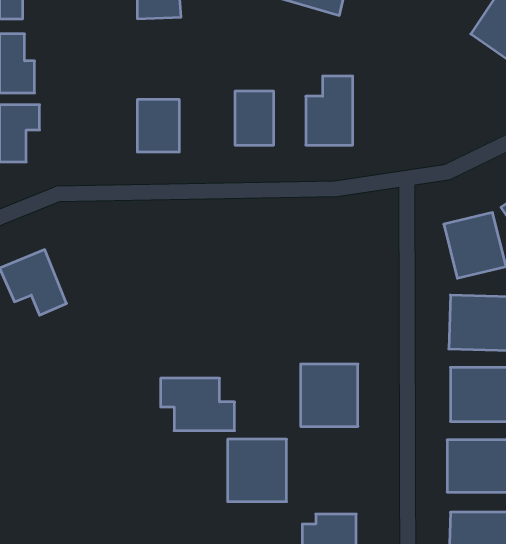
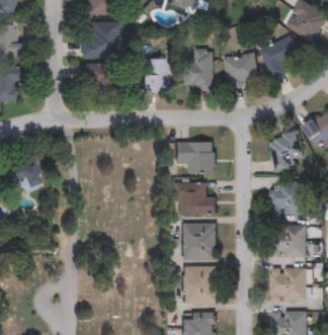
building: none -> [81,22,116,57]
building: none -> [259,36,299,79]
building: none -> [223,54,258,88]
building: none -> [175,143,214,173]
building: [161,378,235,431] -> [170,183,215,215]
building: [228,439,287,502] -> [181,266,217,304]

